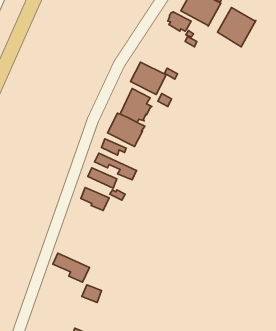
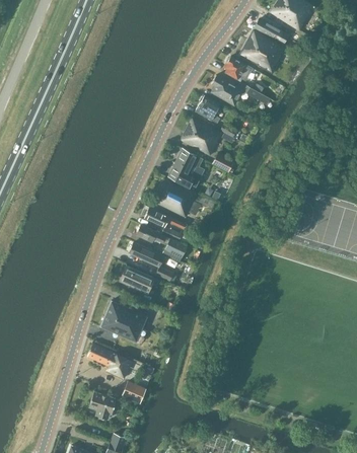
building: [217,7,256,47] -> none
building: none -> [211,76,242,105]
building: none -> [195,96,220,125]
building: none -> [99,302,147,343]
building: none -> [89,393,117,421]

